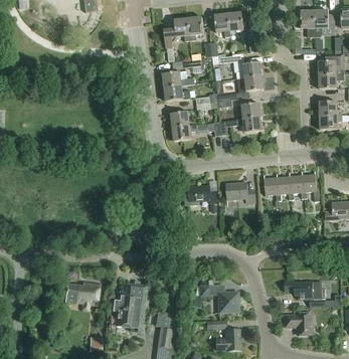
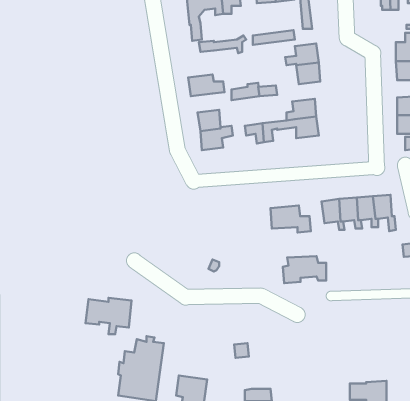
building: [164,70,195,86] -> none
building: [185,185,217,205] -> [283,256,326,283]
building: [285,279,326,307] -> none
building: [65,282,100,309] -> [86,298,131,334]
building: [218,291,239,312] -> none

